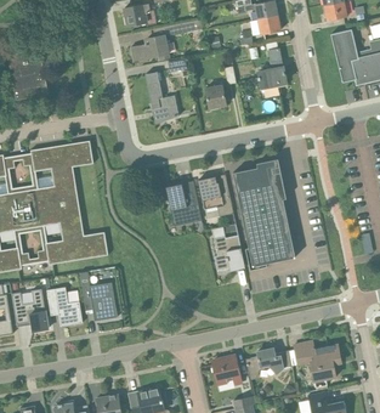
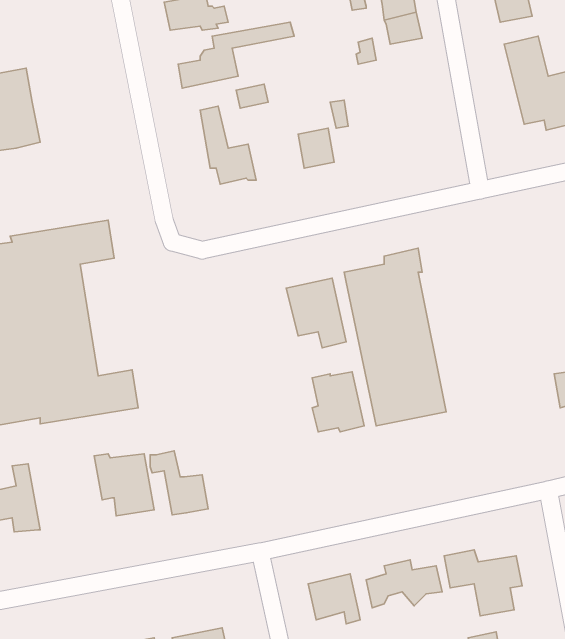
building: [259,49,287,89] -> none
building: [166,180,202,222] -> none
building: [47,287,83,326] -> [150,451,208,515]

